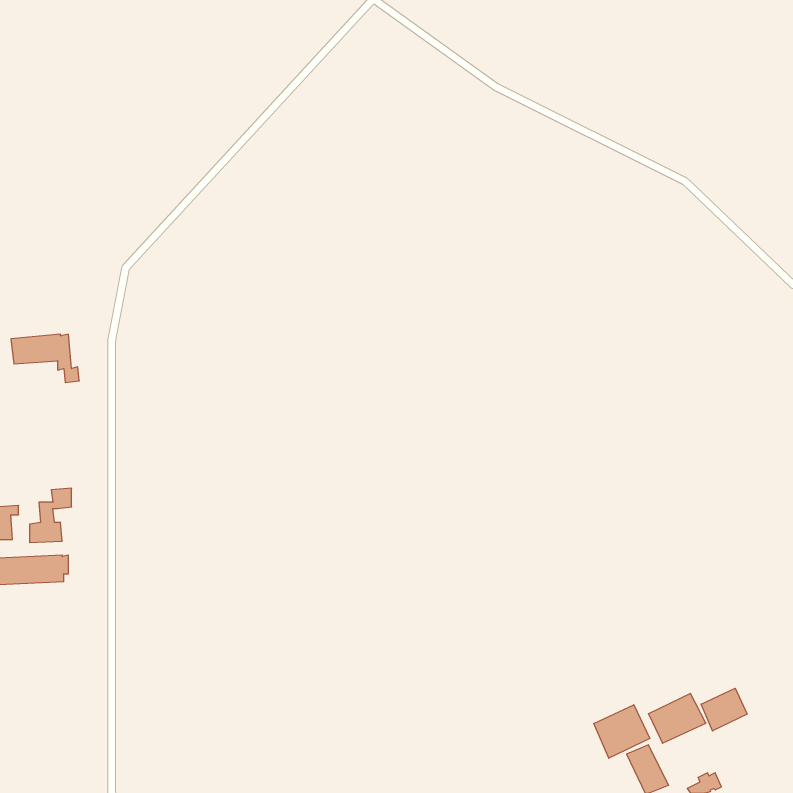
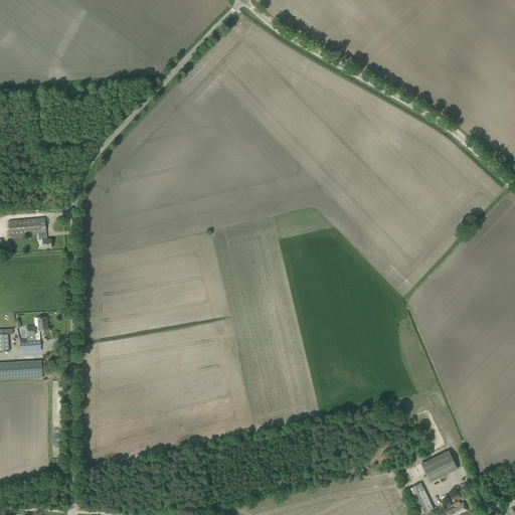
building: [701,688,747,731] -> none
building: [594,705,650,758] -> none

